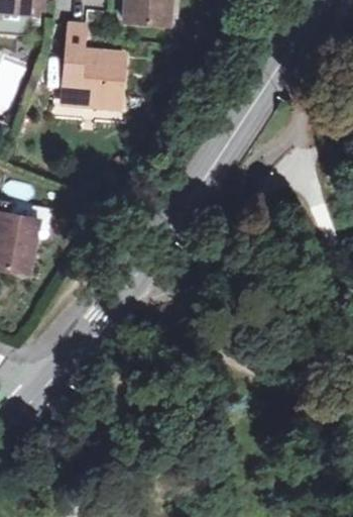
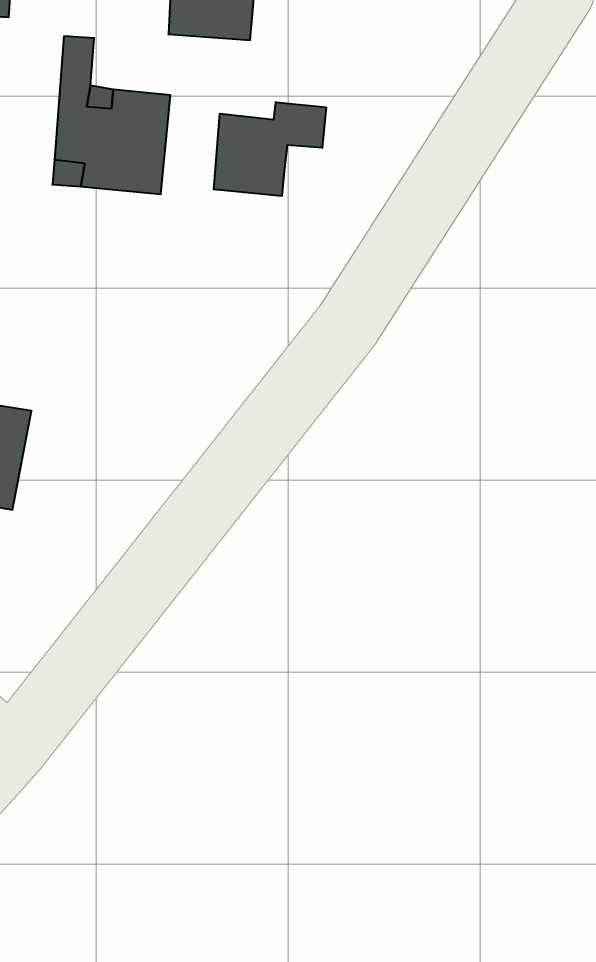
building: none -> [214,102,326,196]

